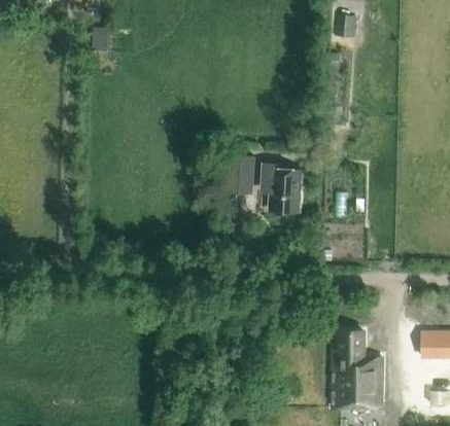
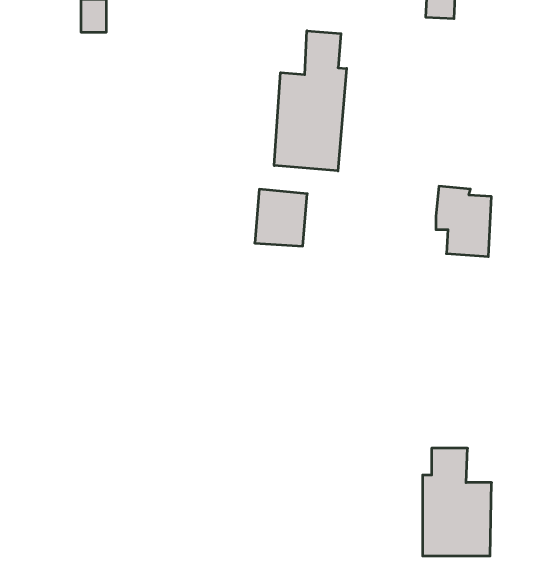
building: none -> [274,31,347,171]
building: [264,164,302,212] -> [436,186,491,257]

